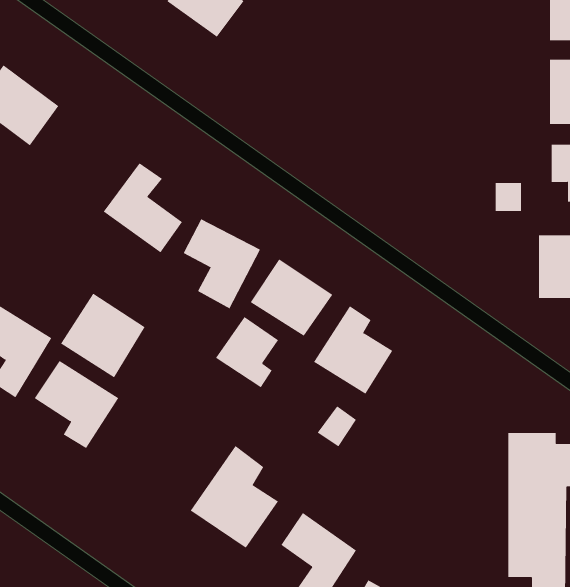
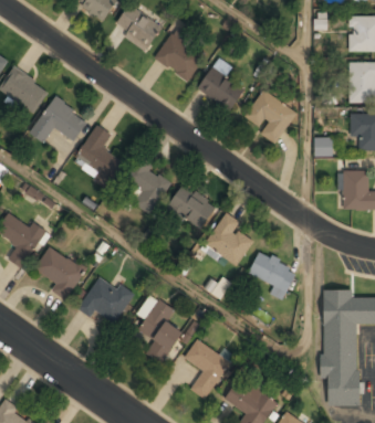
building: none -> [155,32,206,82]
building: none -> [198,67,246,110]
building: none -> [246,91,298,145]
building: none -> [30,98,87,144]
building: [60,293,145,378] -> [81,275,133,327]
building: [215,316,279,388] -> none
building: none -> [249,252,298,298]

